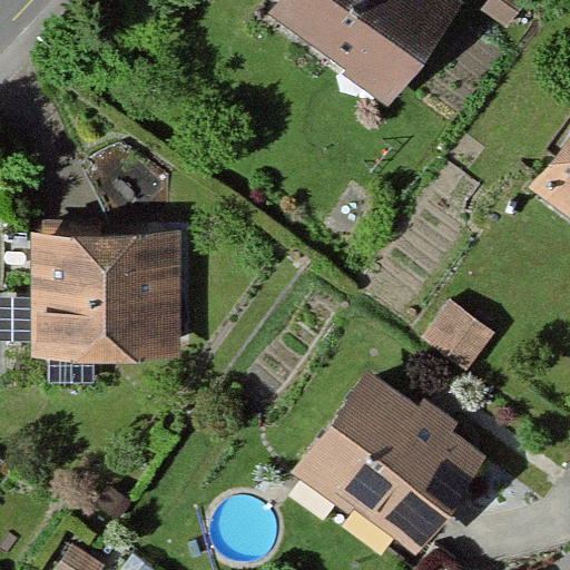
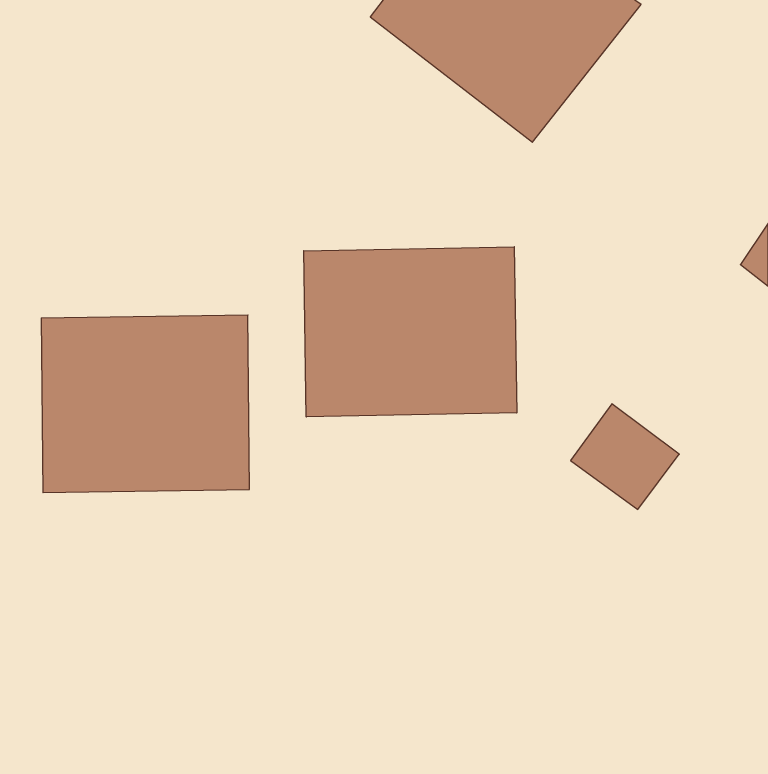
building: none -> [304,247,517,417]
building: [296,376,487,558] -> none

